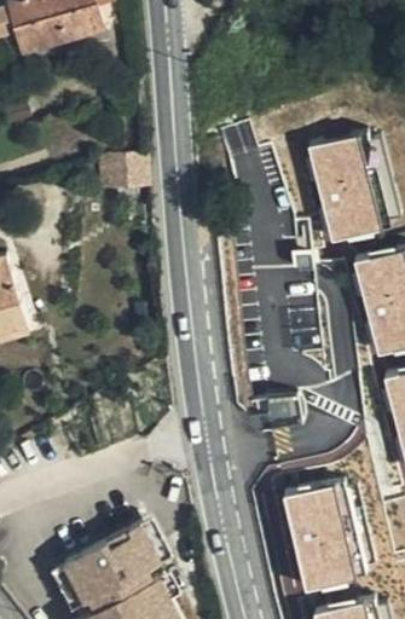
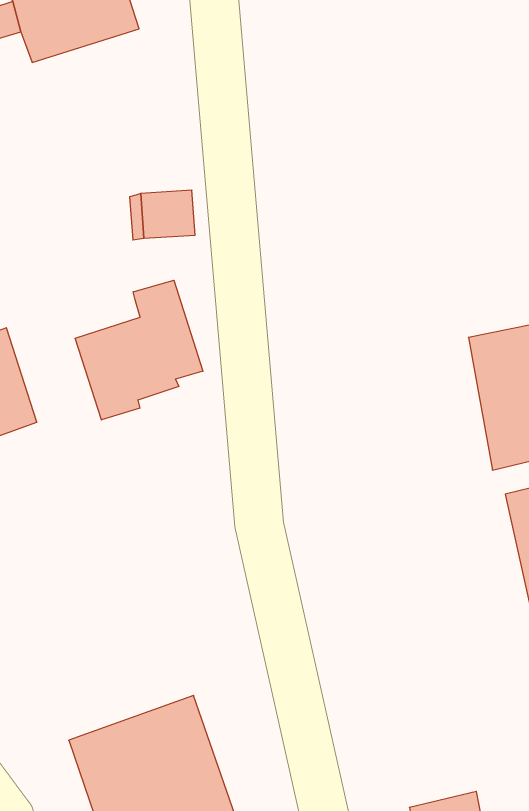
building: [307,138,381,247] -> none
building: none -> [75,280,203,420]
building: [284,486,359,597] -> none

